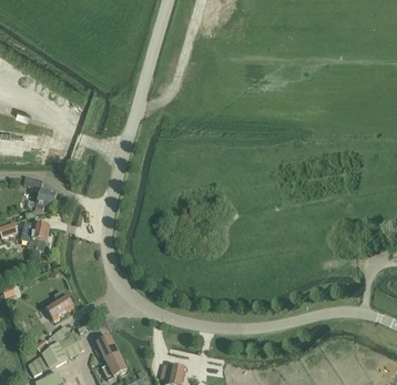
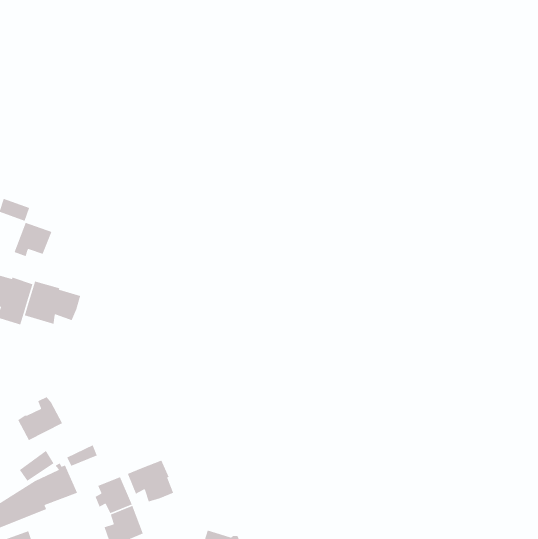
building: none -> [24,281,81,325]
building: none -> [127,459,174,502]

